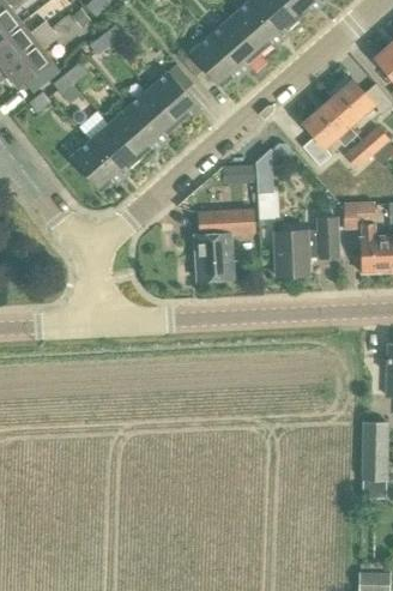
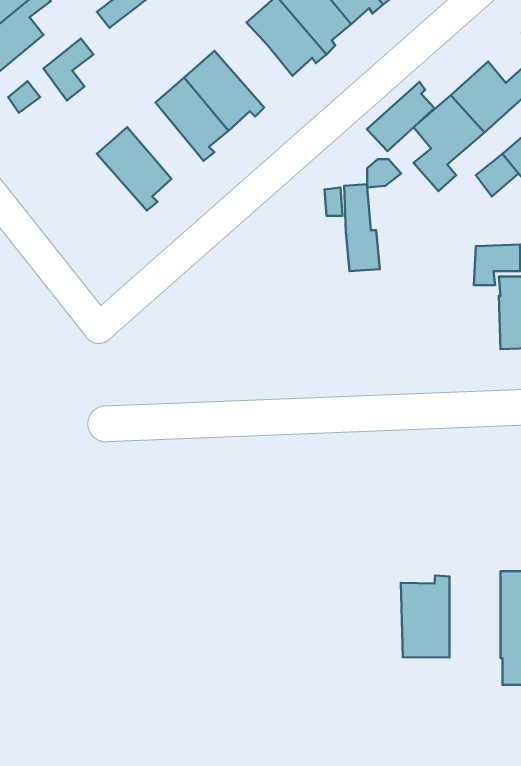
building: none -> [367,82,434,151]
building: [109,105,161,157] -> none
building: [69,140,122,192] -> none
building: [194,209,255,279] -> none
building: [274,216,338,276] -> none
building: none -> [401,576,450,657]

